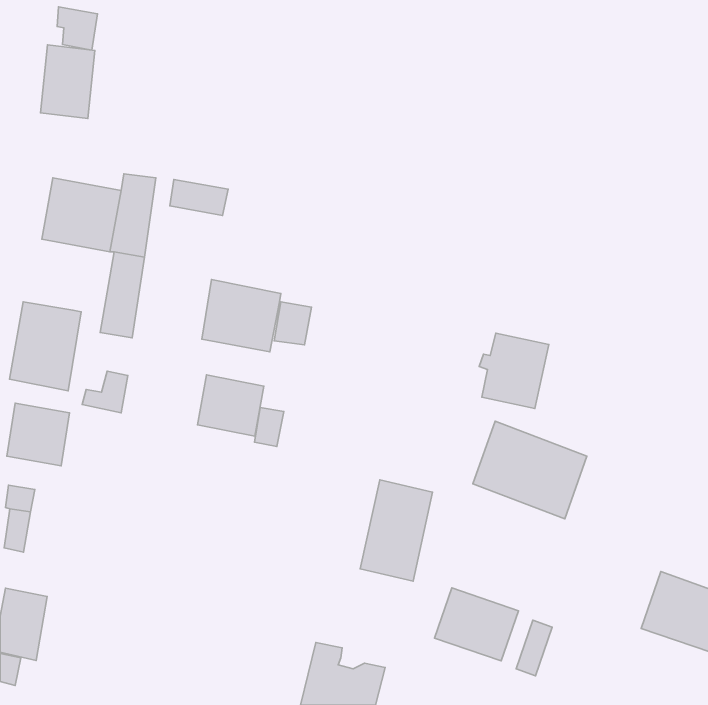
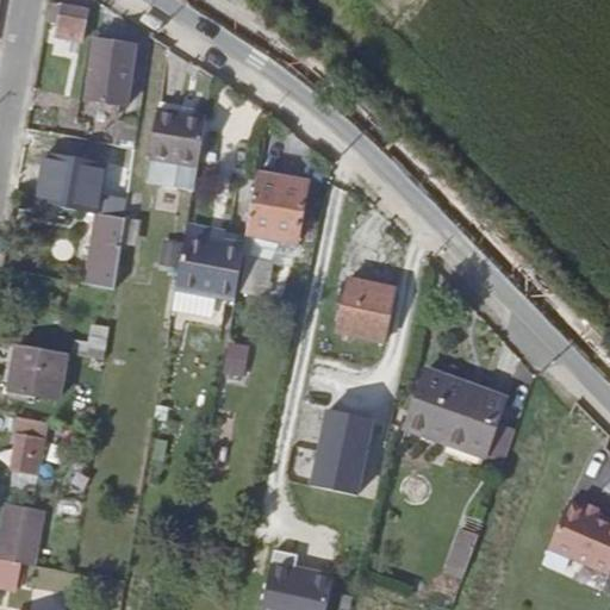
building: [41,45,95,119] -> [91,43,137,106]
building: none -> [148,98,205,162]
building: none -> [247,176,309,245]
building: [9,302,81,391] -> none
building: [479,333,549,408] -> [334,279,393,343]
building: [197,375,264,436] -> none
building: [434,588,518,661] -> none

